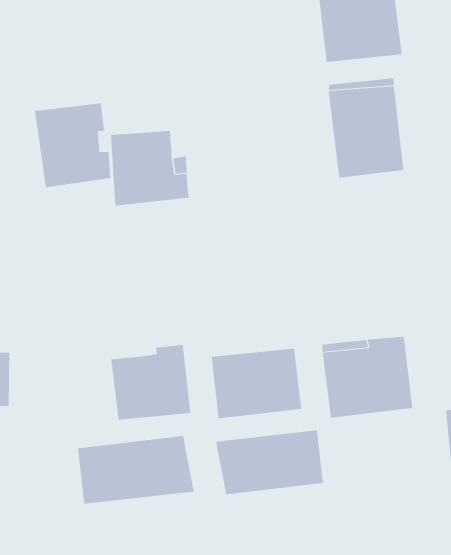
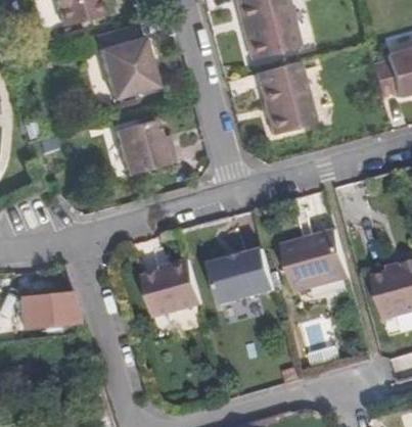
building: [34,103,111,188] -> [100,40,158,102]
building: [216,430,323,495] -> none
building: [77,435,194,505] -> none

